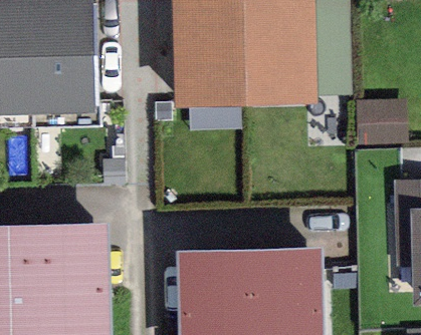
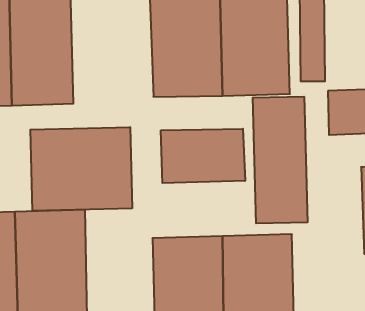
building: none -> [253,97,307,223]
building: none -> [30,127,132,211]
building: none -> [161,129,245,183]

